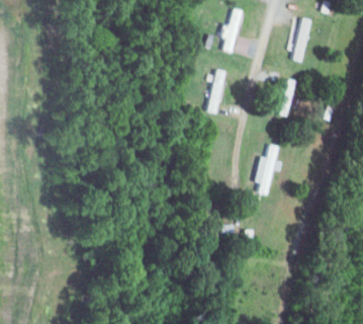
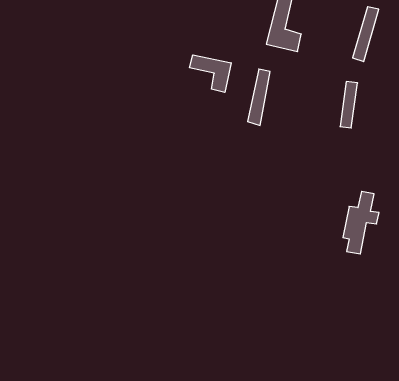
building: none -> [190,55,231,92]
building: [254,145,283,195] -> [343,191,379,254]

